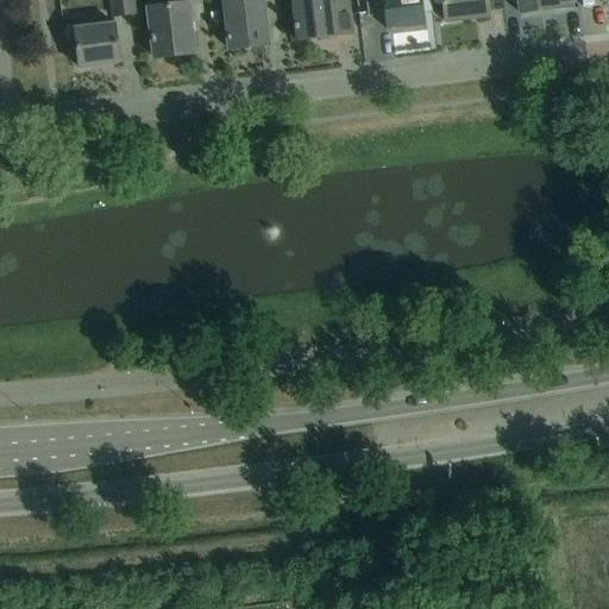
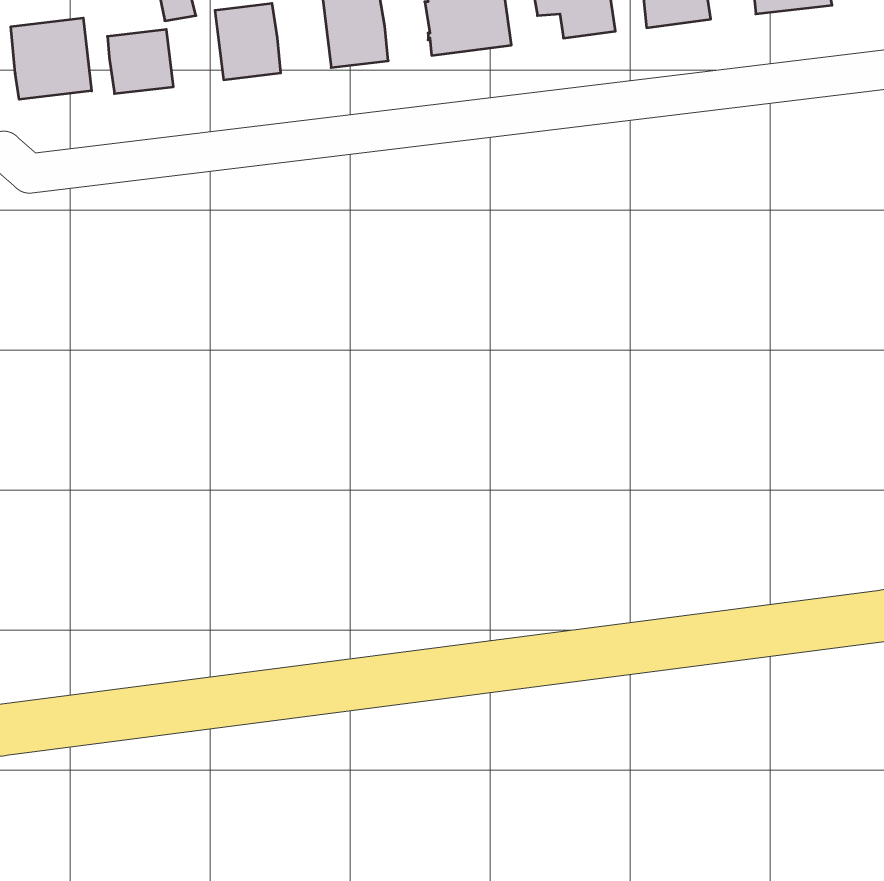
building: none -> [11,18,92,99]

